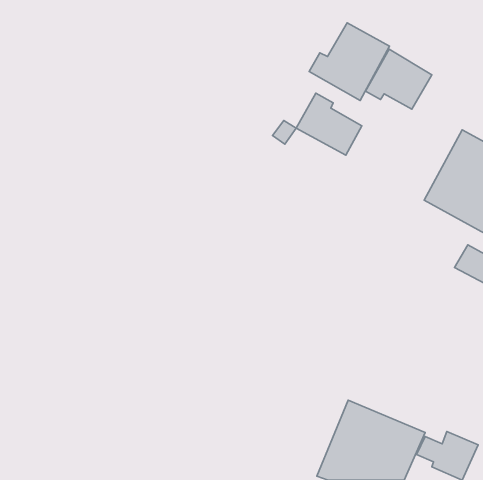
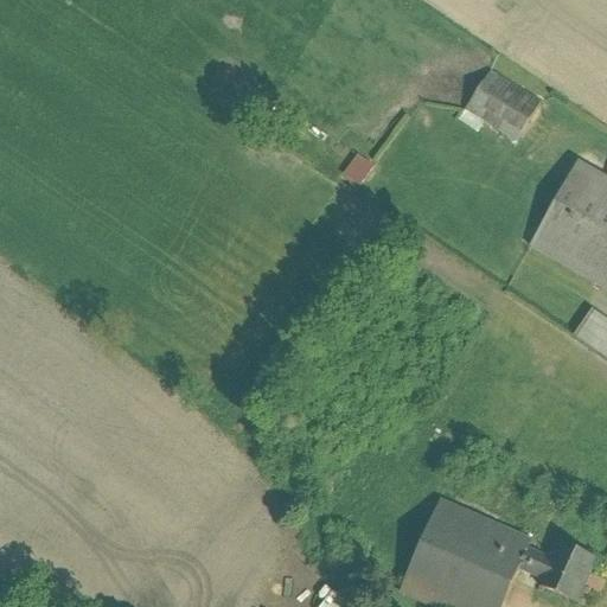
building: [309,23,389,101] -> none
building: [296,93,362,155] -> none

